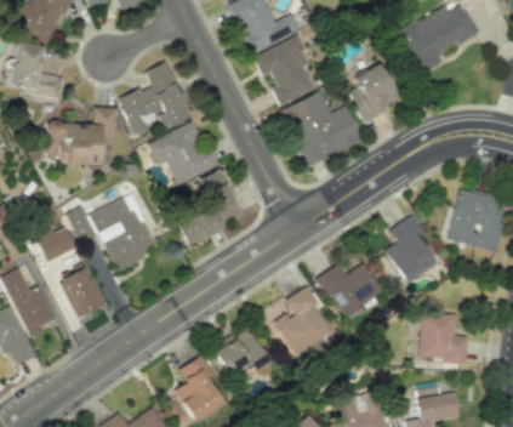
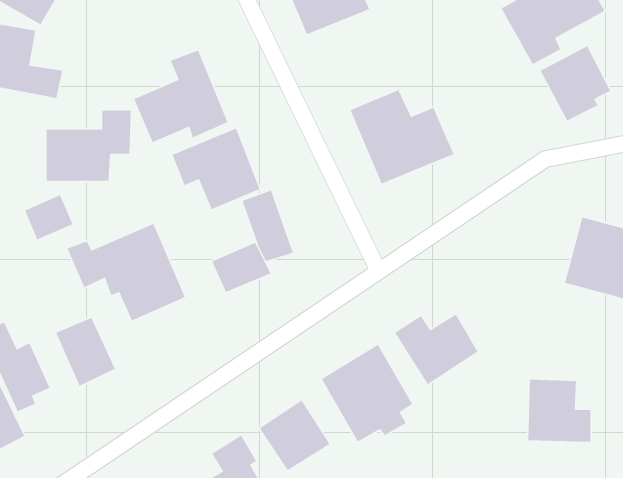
building: [253,34,315,106] -> none
building: [344,63,399,121] -> [540,45,611,121]
building: [386,216,435,281] -> none
building: [39,226,76,261] -> [24,194,73,240]

